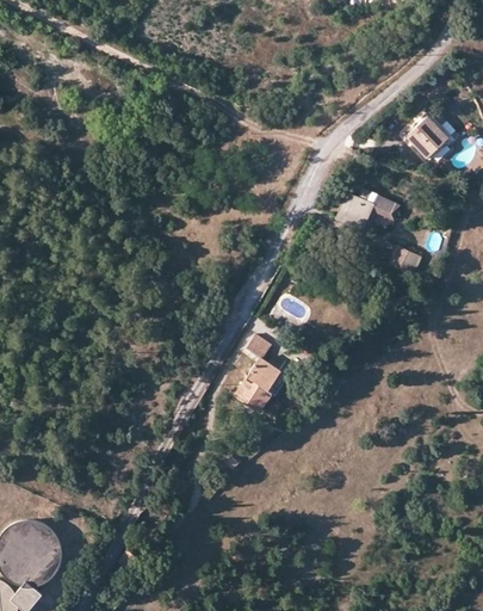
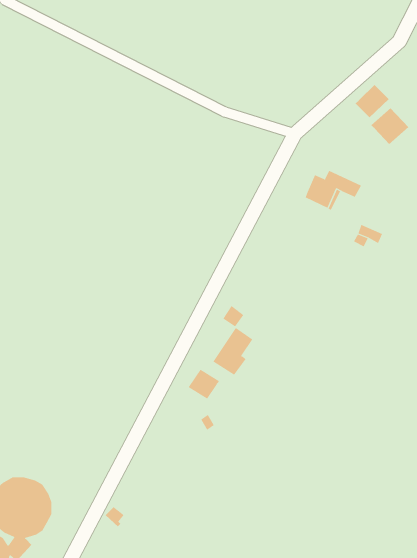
building: none -> [355,84,390,118]
building: none -> [188,369,220,399]

